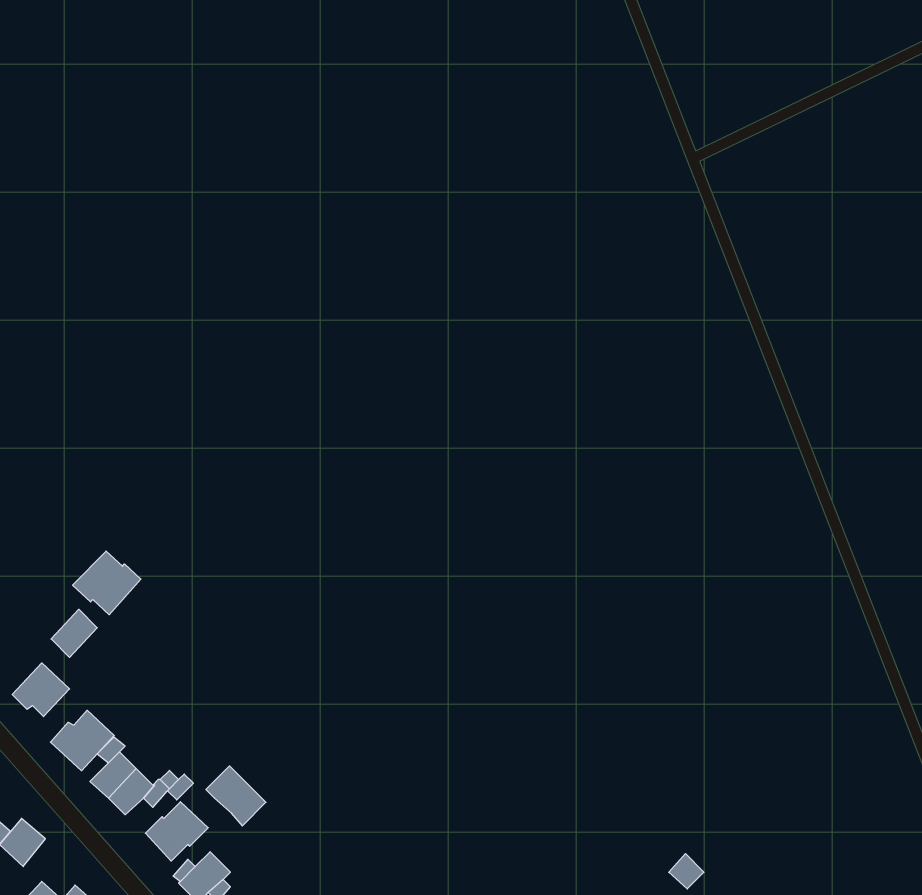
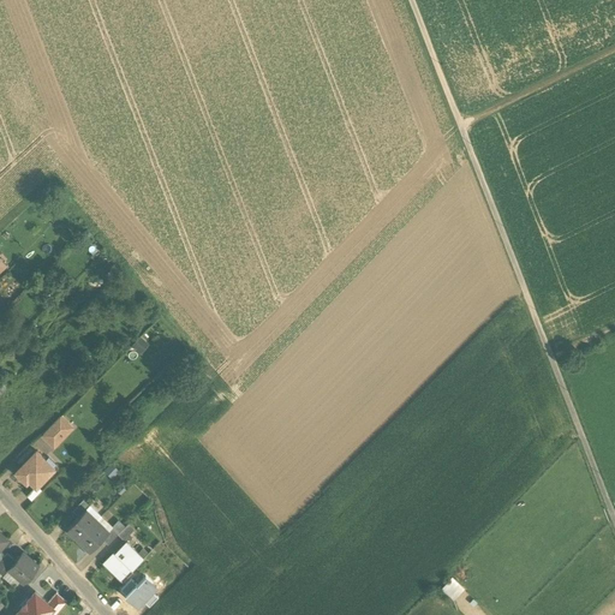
building: [73,551,141,615] -> none
building: [50,710,114,771] -> none
building: [206,766,266,826] -> none

